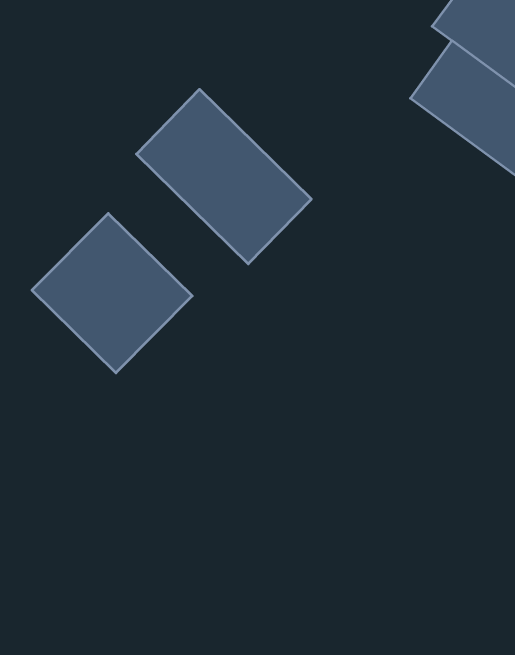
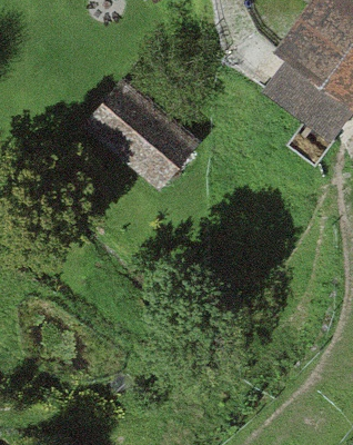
building: [32,213,192,373] -> none

